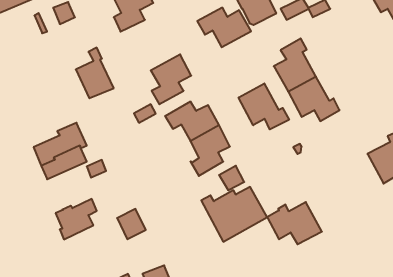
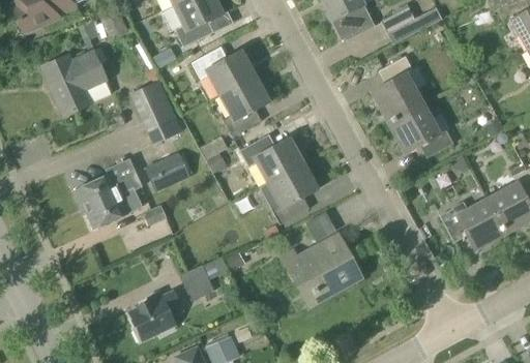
building: [197,8,251,47] -> [190,47,257,95]
building: none -> [41,51,106,116]
building: [239,83,289,129] -> none
building: none -> [145,117,182,146]
building: none -> [145,149,202,192]
building: [56,199,97,239] -> [129,292,180,341]
building: [267,202,322,244] -> [439,198,506,249]

